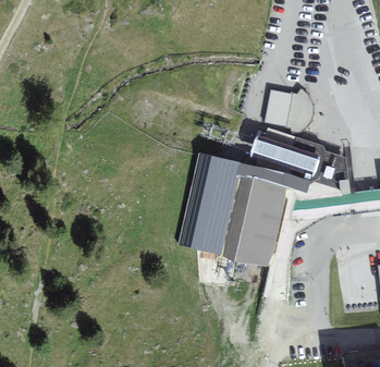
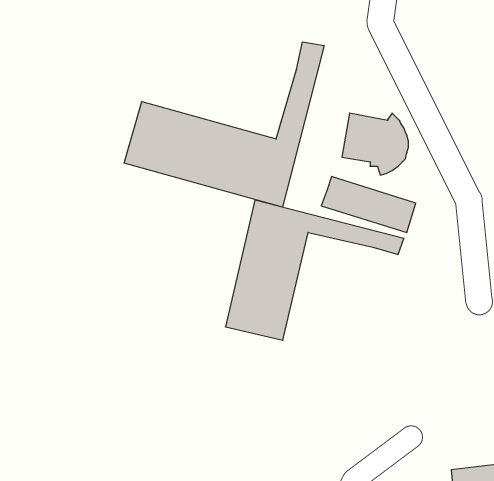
building: none -> [124,42,324,207]
building: [221,176,287,267] -> none

